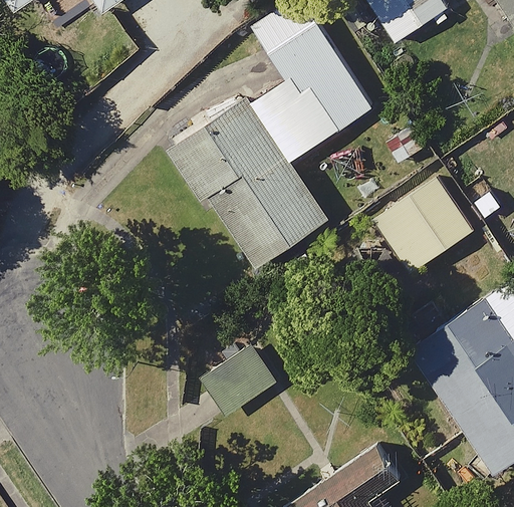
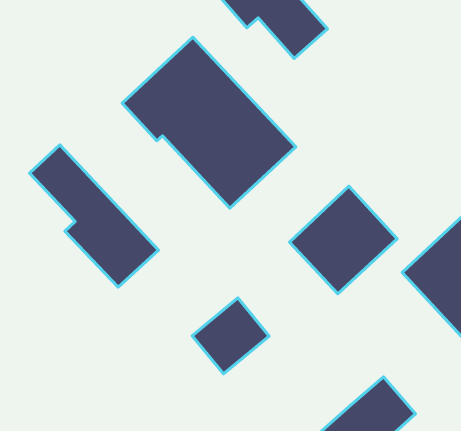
building: [372,175,474,274] -> [290,186,397,294]
building: none -> [29,145,159,287]

